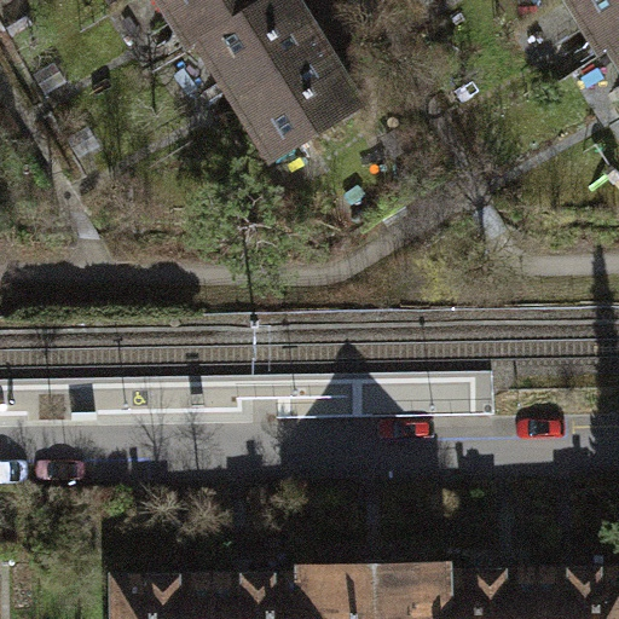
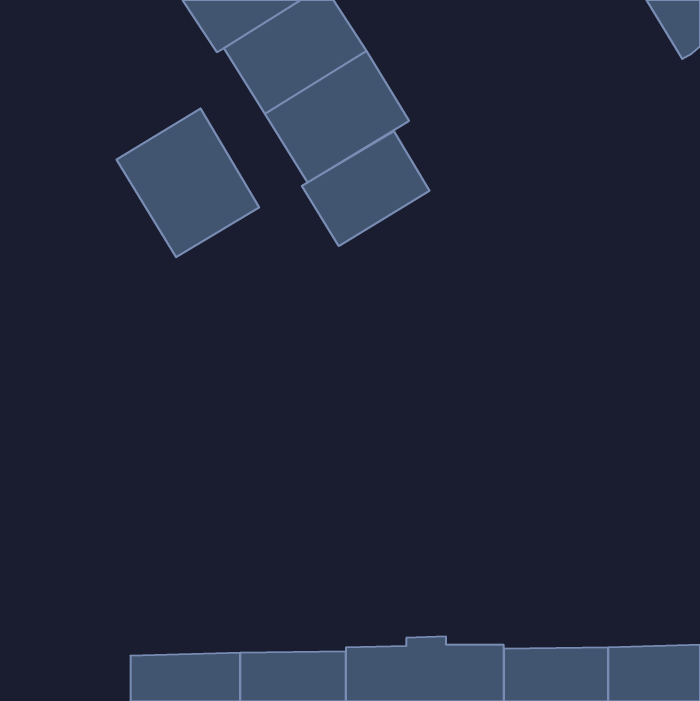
building: none -> [117,108,259,257]
building: none -> [302,131,429,246]

